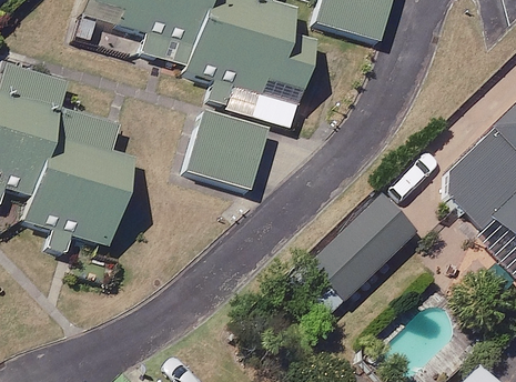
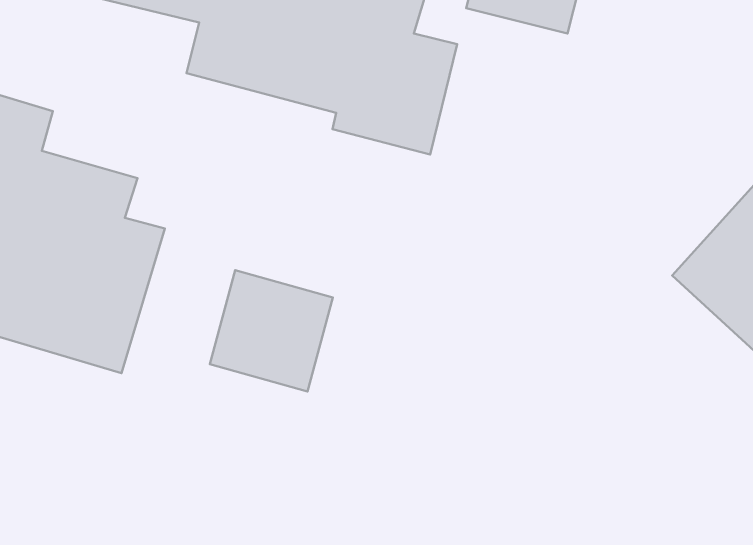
building: [190,115,265,190] -> [210,270,333,391]
building: [311,200,412,300] -> none

